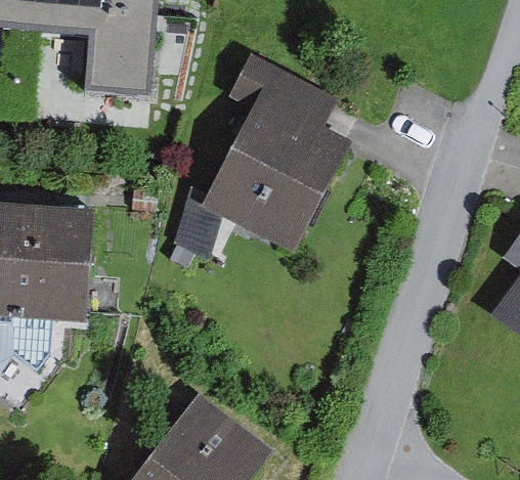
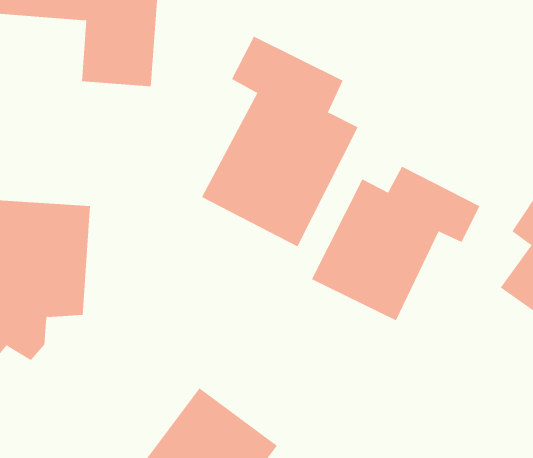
building: none -> [311,166,480,321]

